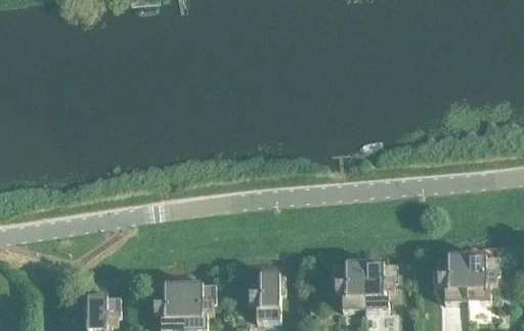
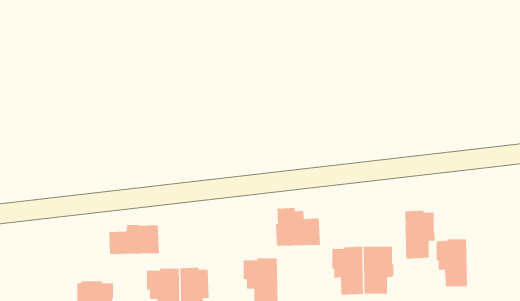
building: none -> [276,207,320,246]
building: none -> [104,224,159,255]
building: [465,256,495,308] -> [404,210,436,263]

